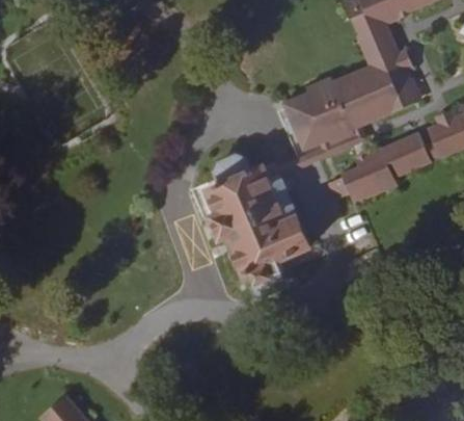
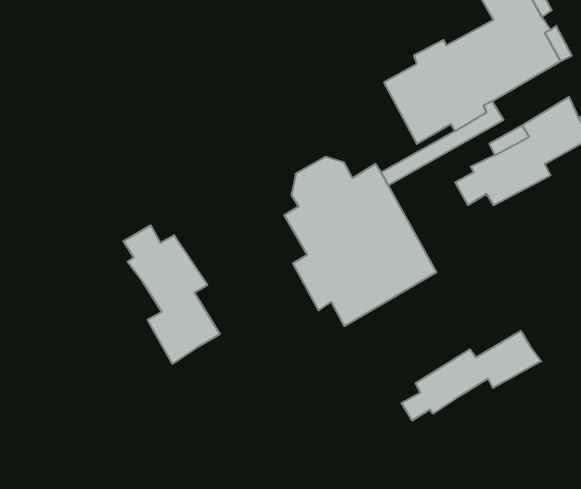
building: none -> [123,225,220,364]
building: none -> [401,331,541,421]

